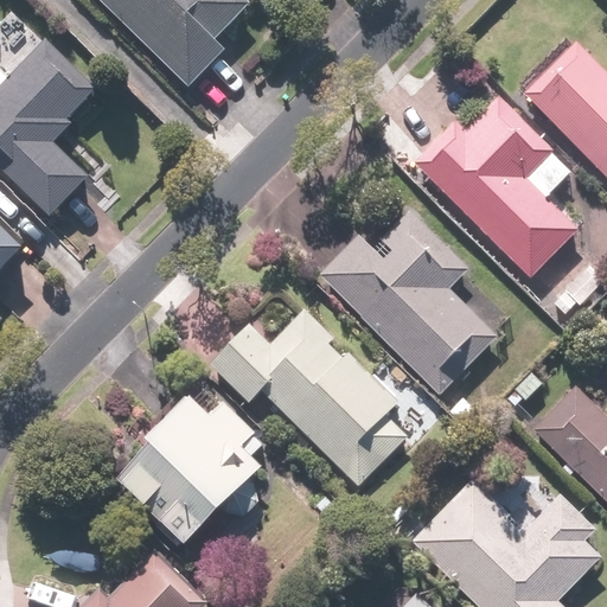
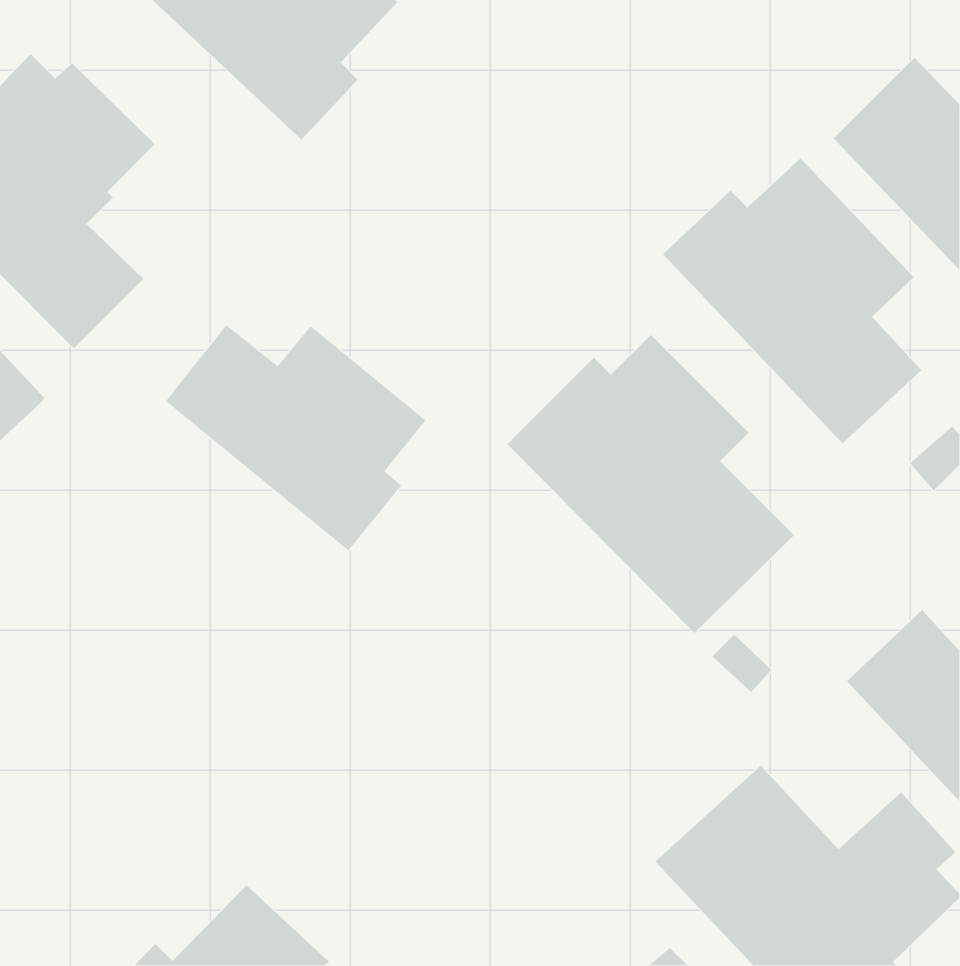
building: none -> [165,324,426,551]
building: [210,309,409,490] -> none
building: [119,400,268,545] -> none

